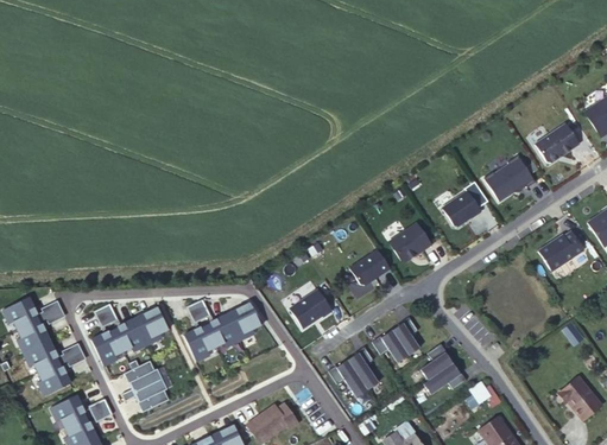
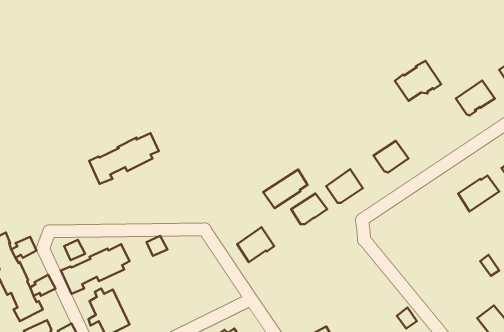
building: [483,155,536,201] -> [395,61,441,101]
building: none -> [263,169,307,208]
building: [184,303,263,360] -> [89,133,159,184]
building: [372,316,419,361] -> none
building: [421,342,467,393] -> none
building: [329,347,380,396] -> none

